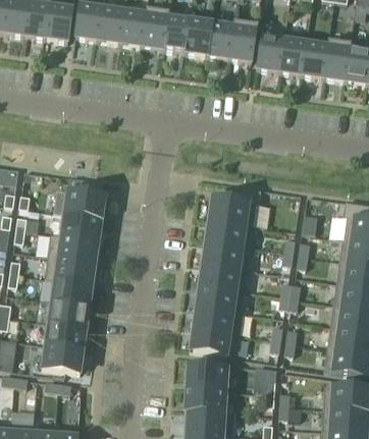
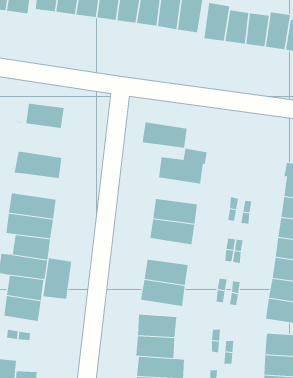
building: [50,213,102,240] -> [16,103,64,129]
building: [205,217,254,245] -> [142,122,188,148]
building: [196,282,245,311] -> none
building: none -> [43,257,72,300]

